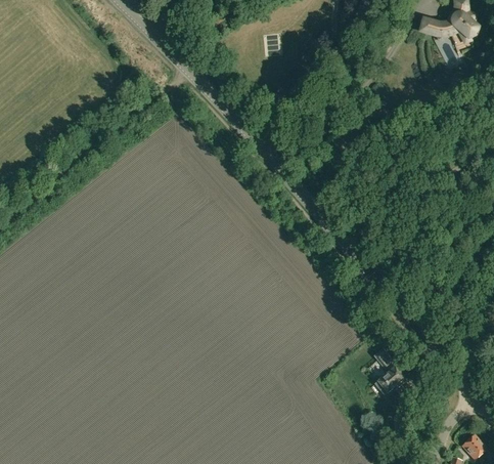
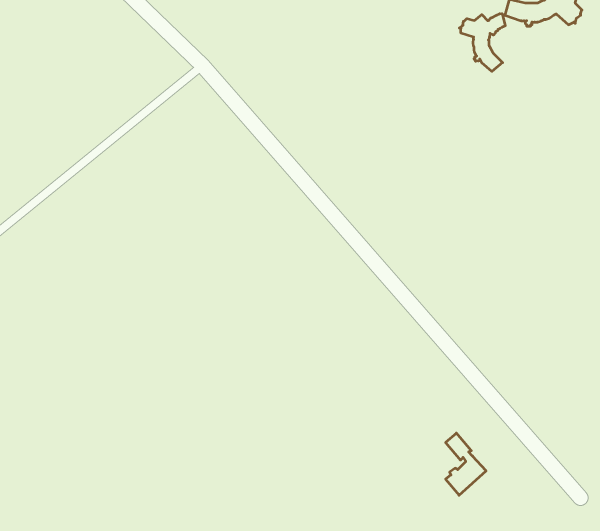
building: none -> [459,14,505,71]

